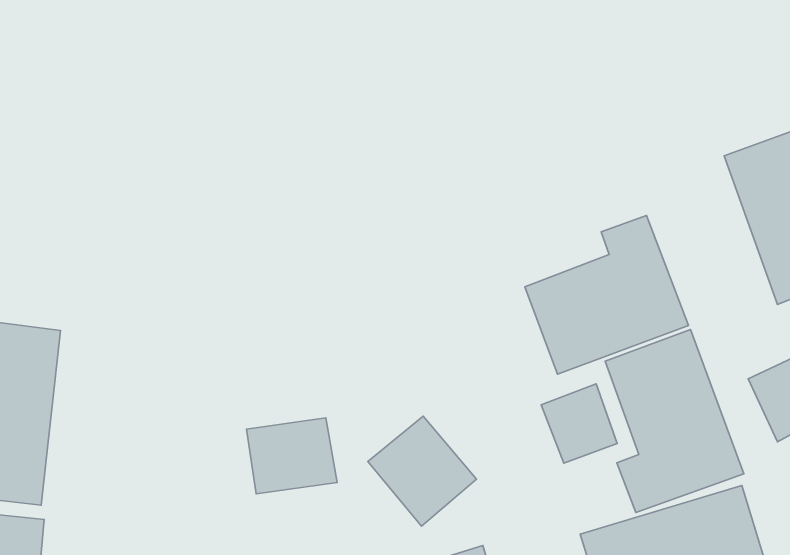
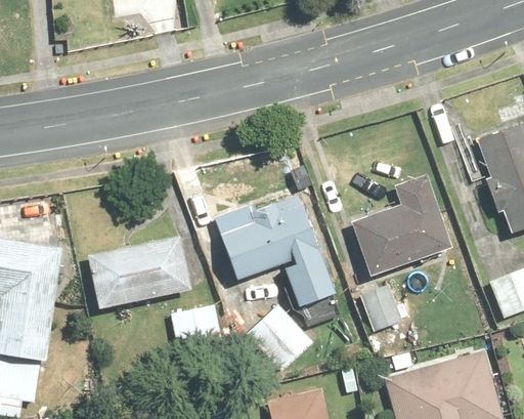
building: none -> [215,201,337,306]
building: none -> [88,235,190,307]
building: [605,330,744,512] -> none

